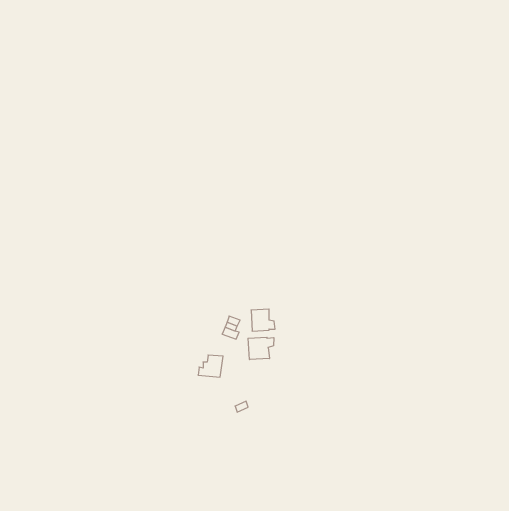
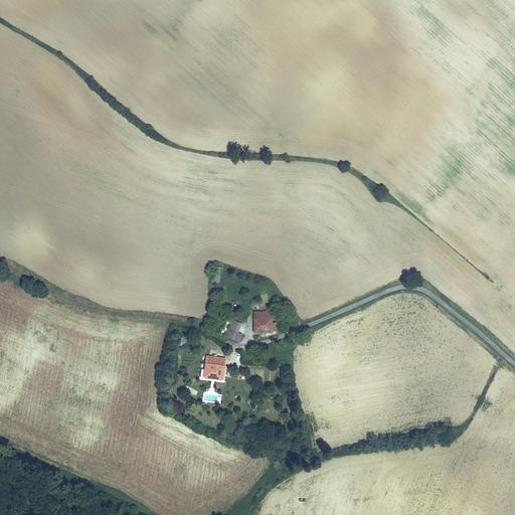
building: [248,337,274,360] -> none

